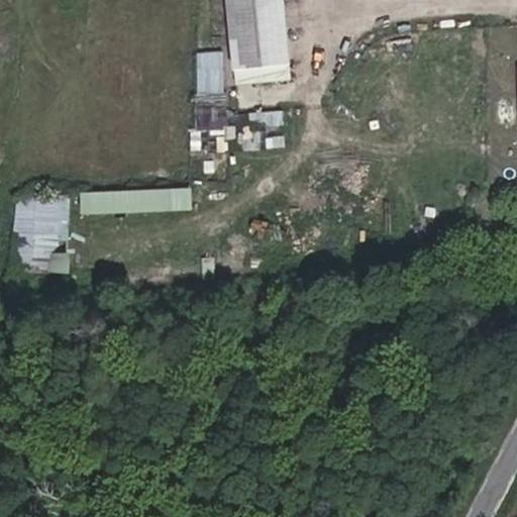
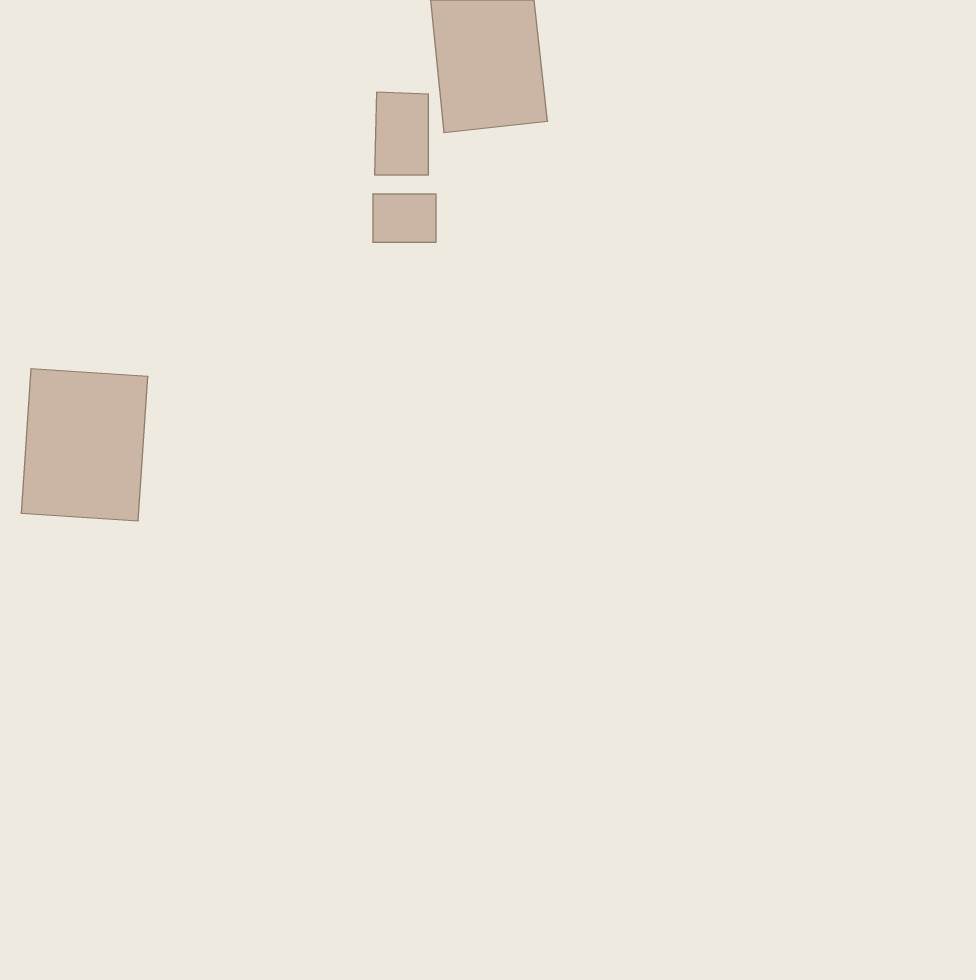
building: [87,189,173,211] -> none

